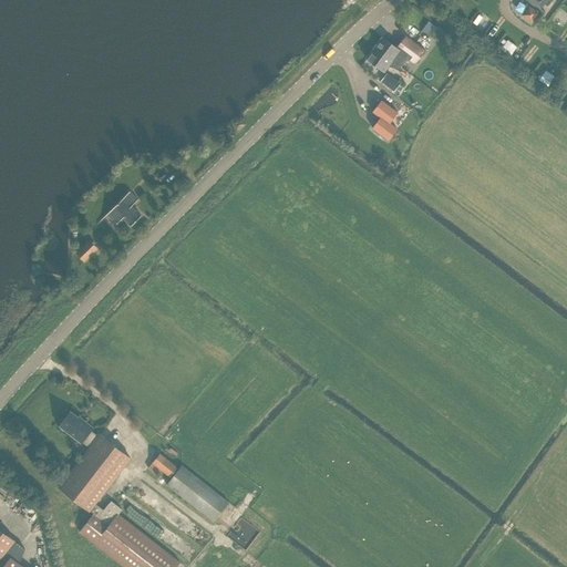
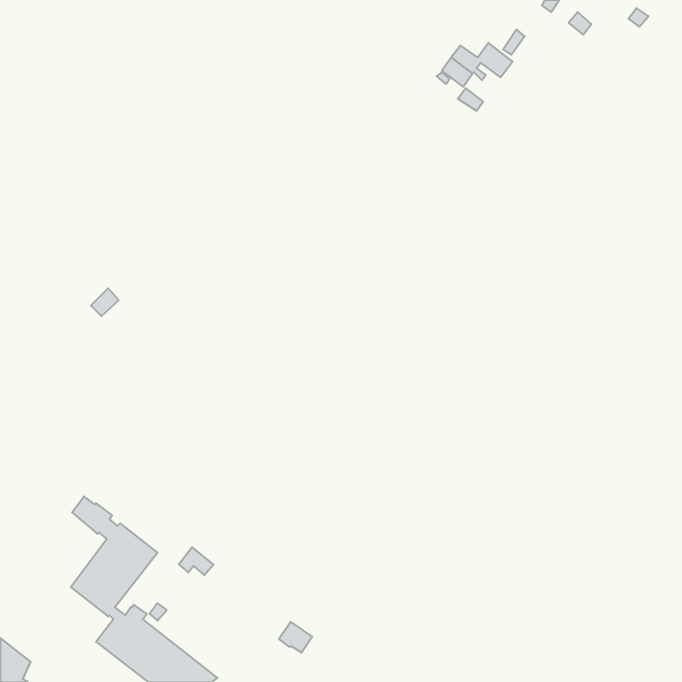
building: [372,103,398,143] -> none
building: [106,192,142,227] -> none
building: [167,466,228,522] -> none

